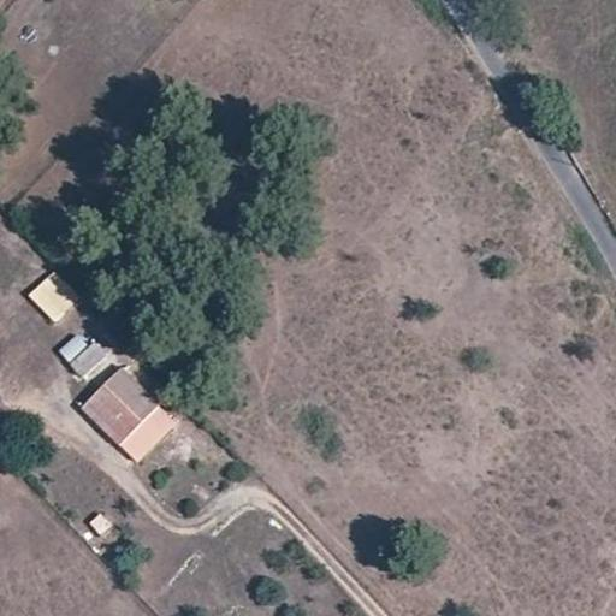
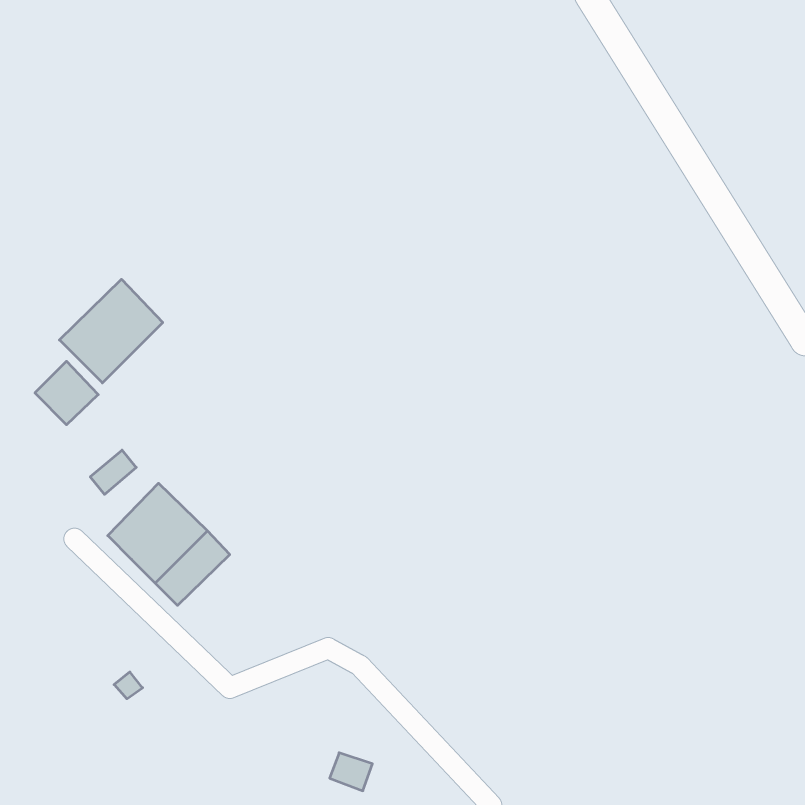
building: none -> [59,279,163,383]

